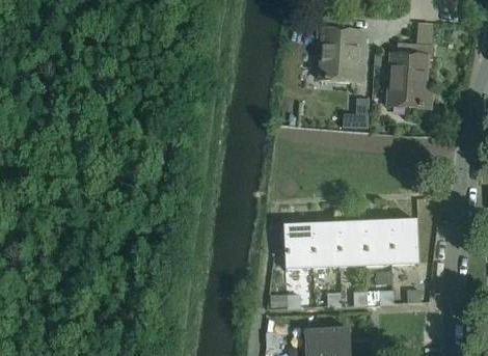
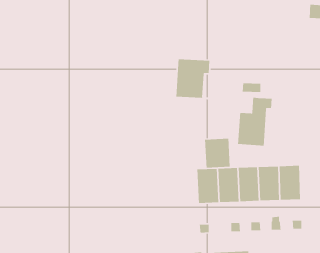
building: [320,29,364,81] -> [175,58,210,99]
building: [387,42,433,106] -> [237,97,273,147]
building: none -> [204,138,231,169]

